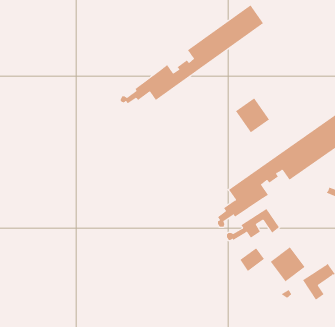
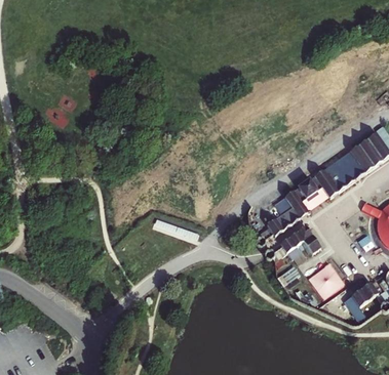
building: [120,4,264,104] -> none
building: [235,98,270,133] -> none

